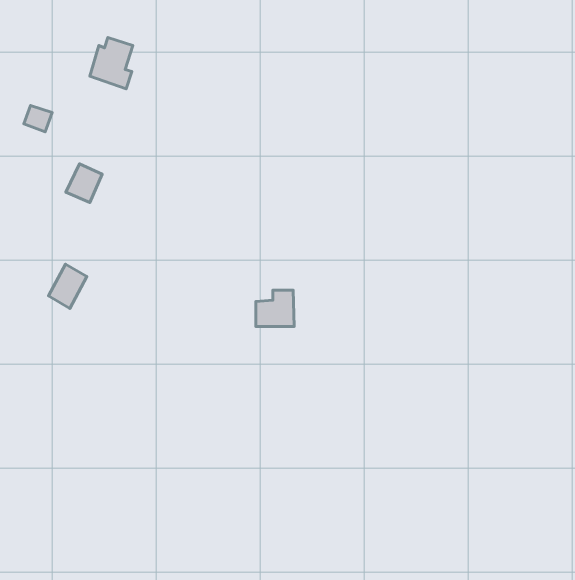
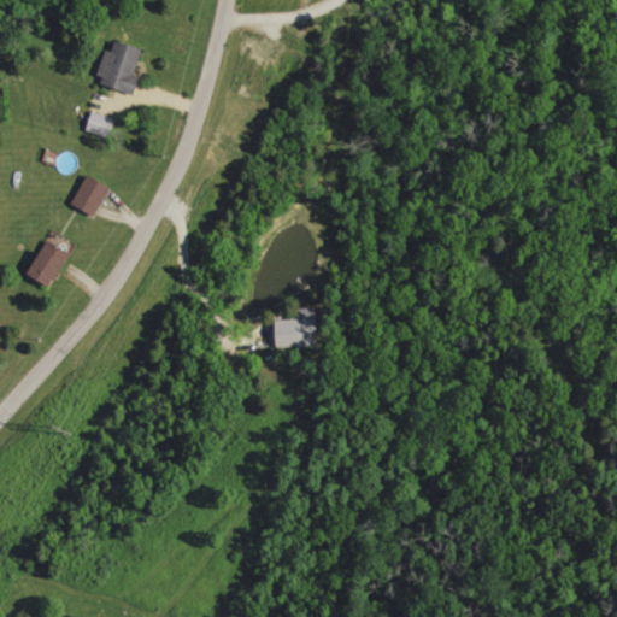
building: [24,106,52,132] -> [83,112,113,140]
building: [48,264,87,308] -> [28,240,69,287]

